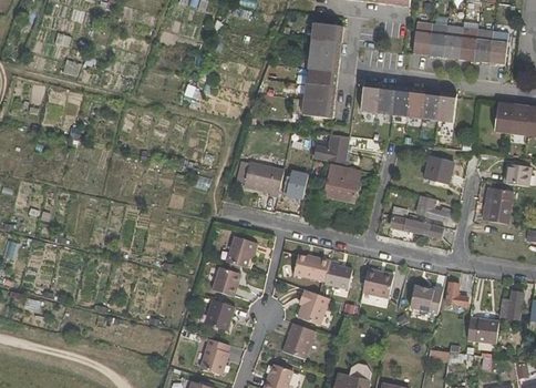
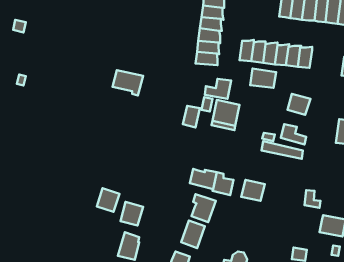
building: none -> [250,68,276,88]
building: [244,162,284,195] -> [113,70,143,95]
building: [230,237,257,268] -> none
building: [209,265,239,296] -> [97,188,120,212]
building: [410,285,443,313] -> none

